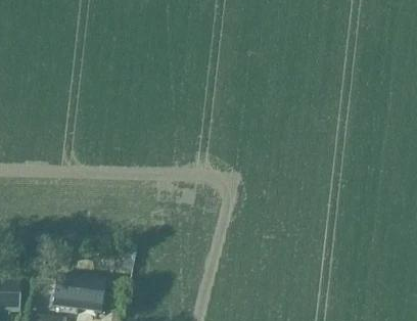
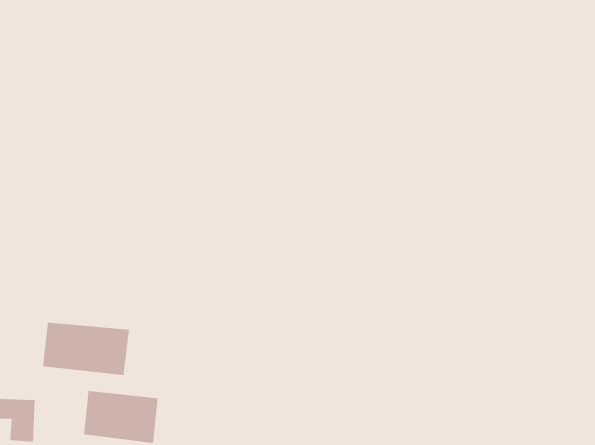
building: none -> [42,322,130,376]

